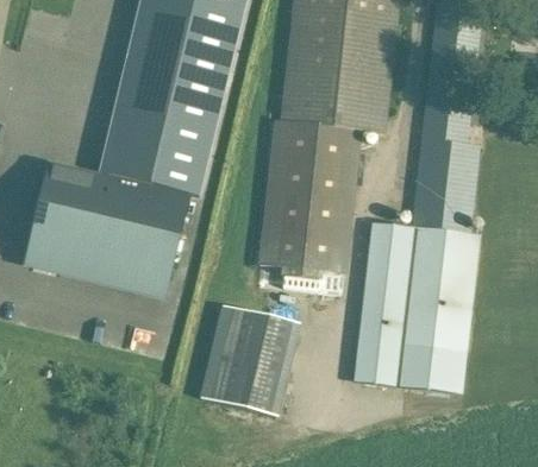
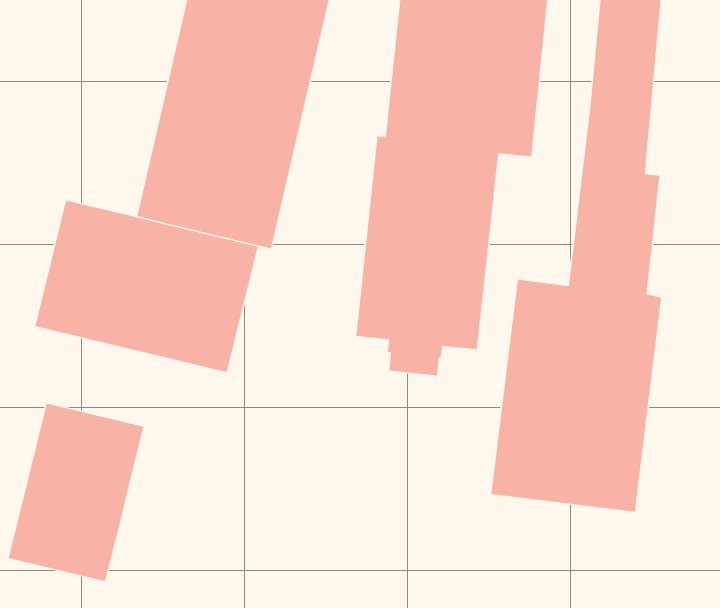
building: [205,305,298,416] -> none
building: none -> [8,403,144,582]

